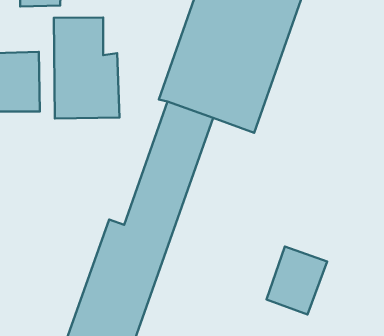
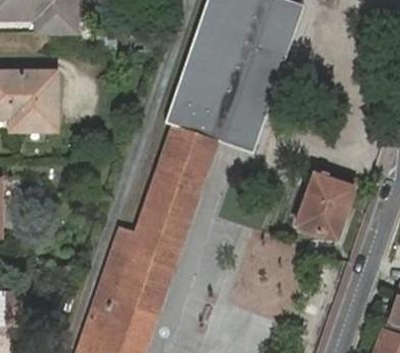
building: [54,17,119,119] -> none
building: [267,246,327,315] -> [296,176,352,240]

